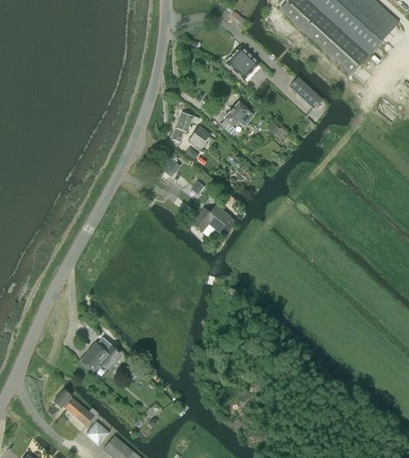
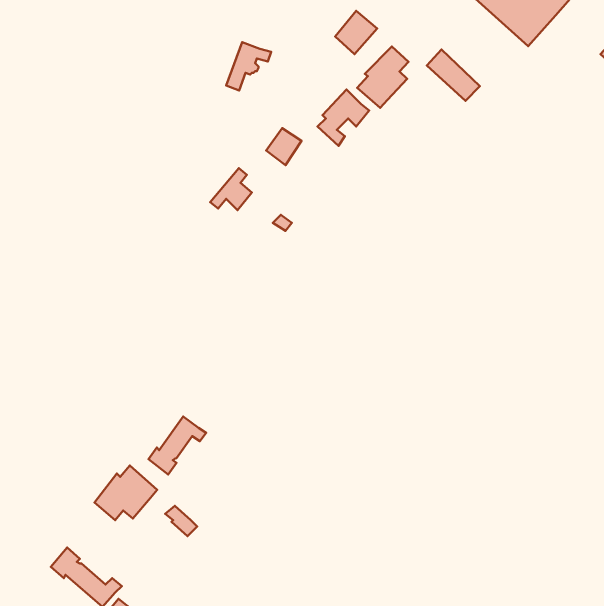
building: none -> [357,46,409,108]
building: [171,111,199,141] -> [226,42,271,90]
building: [191,204,234,237] -> none
building: none -> [149,416,206,474]

